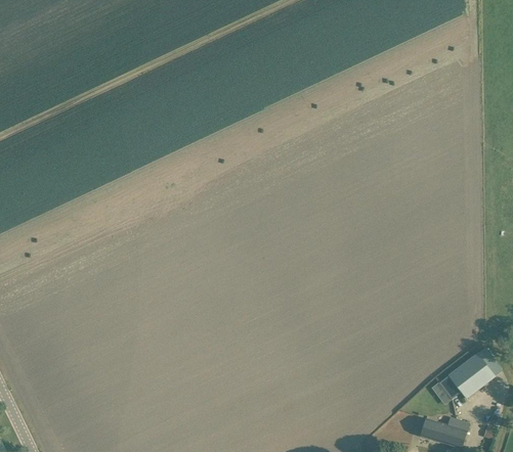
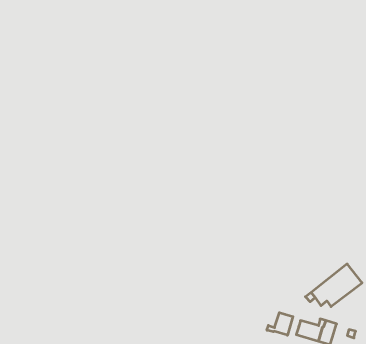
building: none -> [267,313,293,335]

